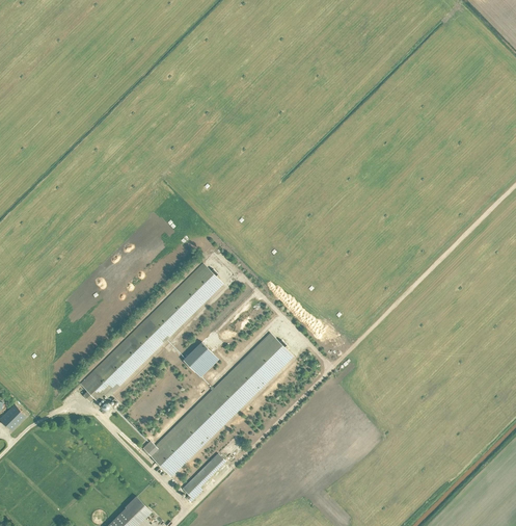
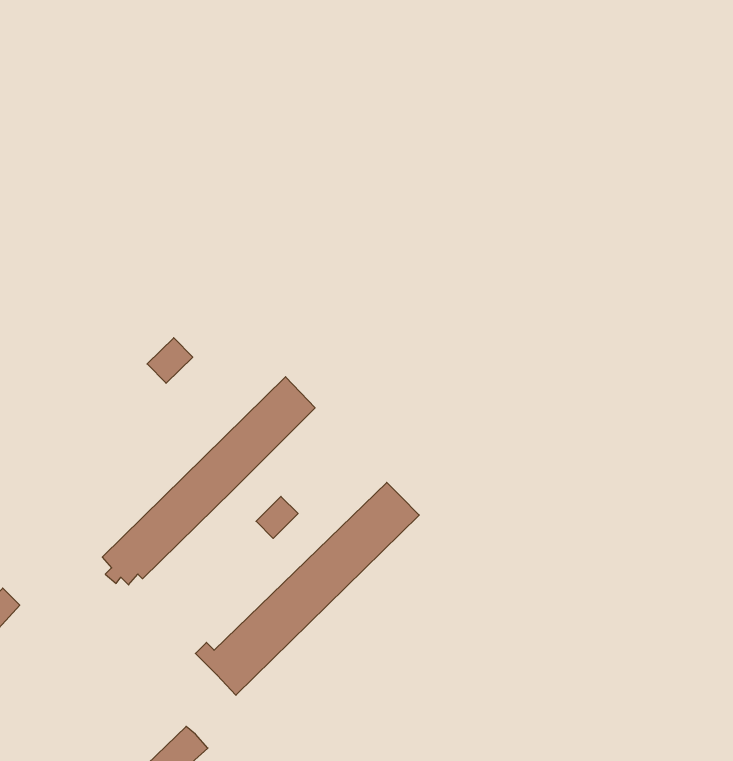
building: none -> [147,338,193,383]
building: [182,453,225,501] -> none

